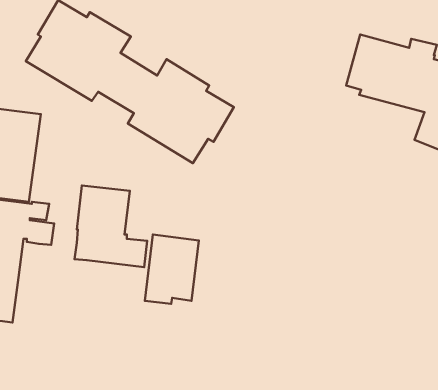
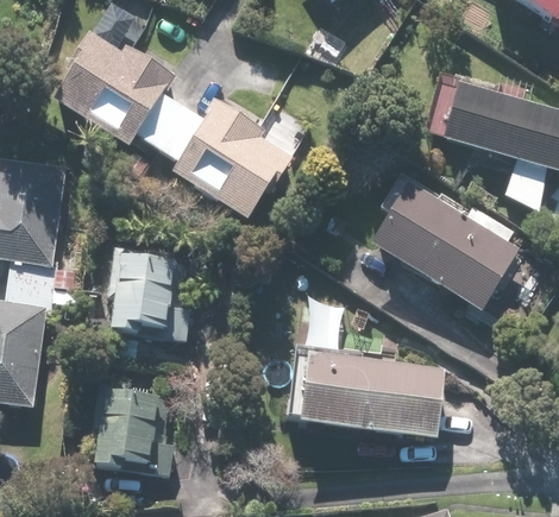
building: none -> [368,181,519,310]
building: [145,235,199,304] -> [94,389,157,469]
building: none -> [294,354,441,440]

